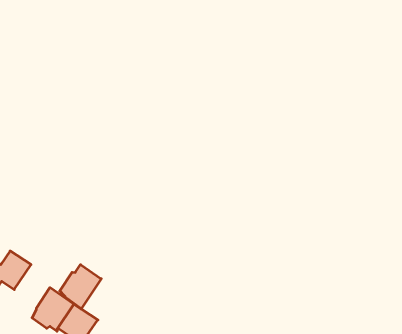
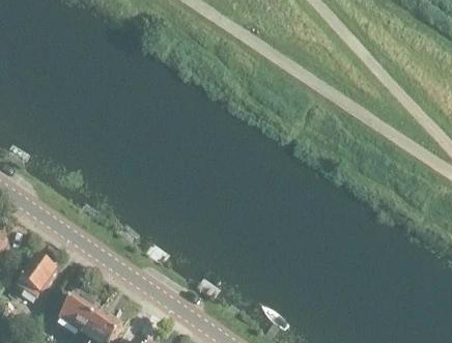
building: [60,265,101,309] -> none

